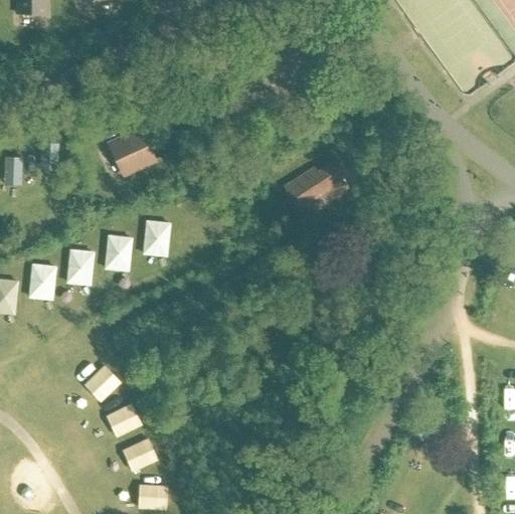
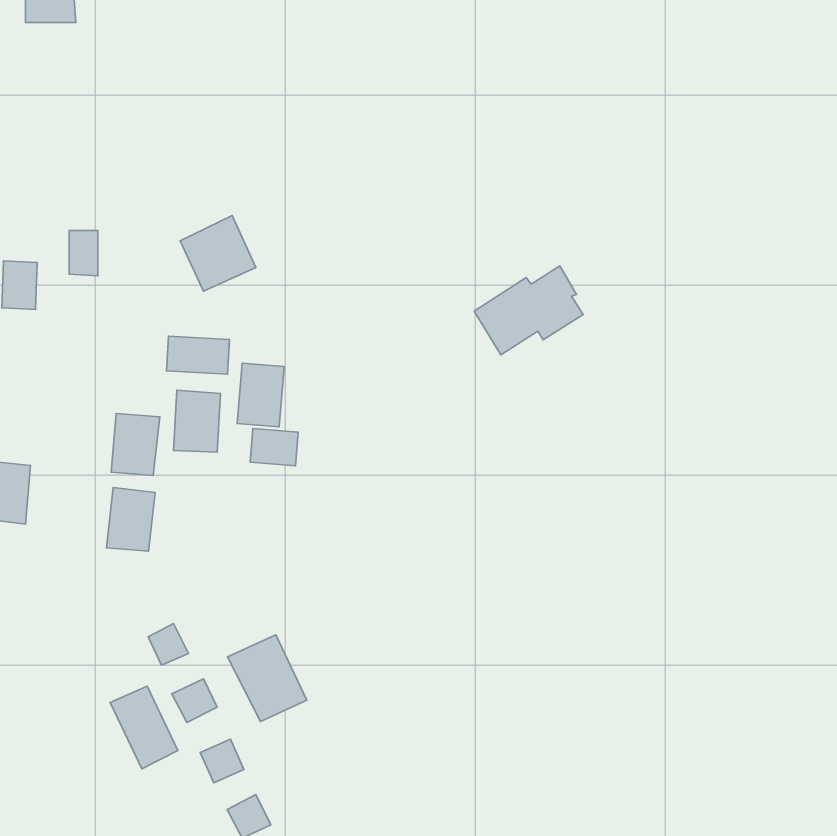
building: none -> [166,336,230,374]
building: none -> [250,428,298,466]
building: [28,263,57,301] -> [106,487,155,551]
building: none -> [228,635,307,722]
building: none -> [110,686,178,769]

